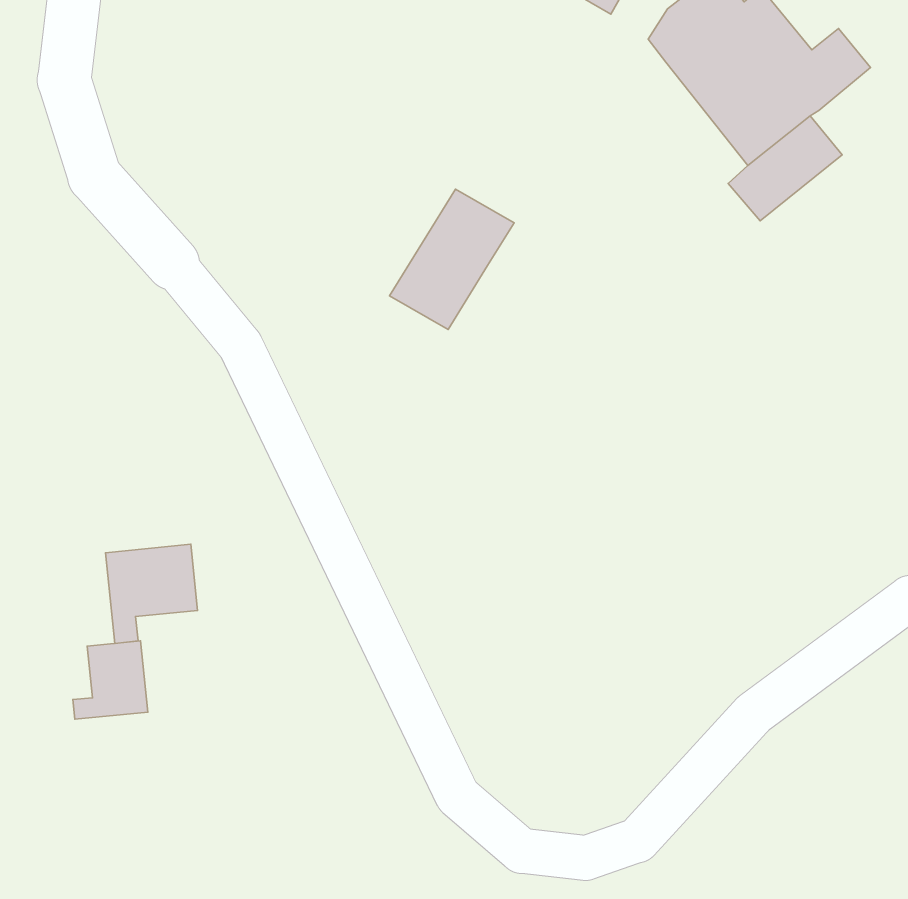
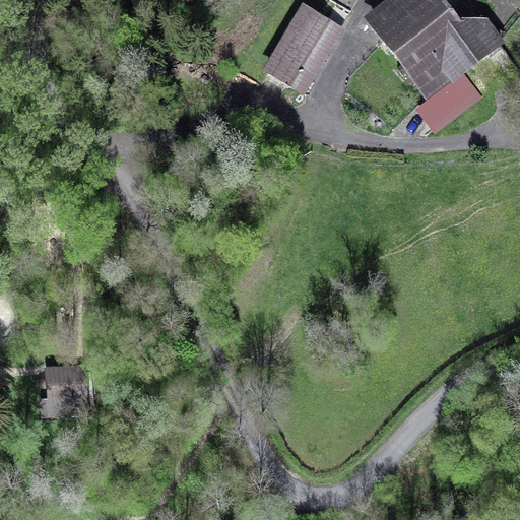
building: [389,189,514,330] -> [267,8,338,88]
building: [106,544,197,643] -> none

